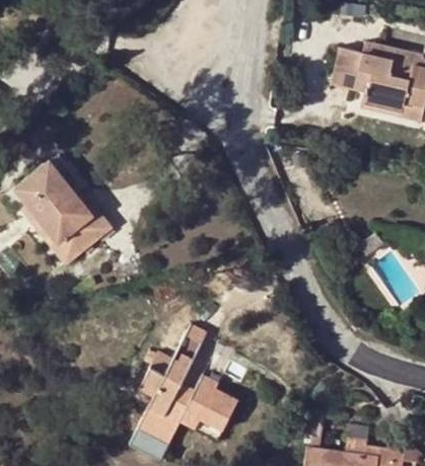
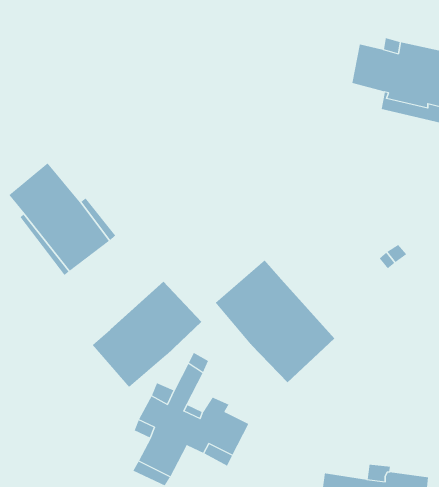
building: none -> [215,259,335,383]
building: none -> [92,281,202,388]

